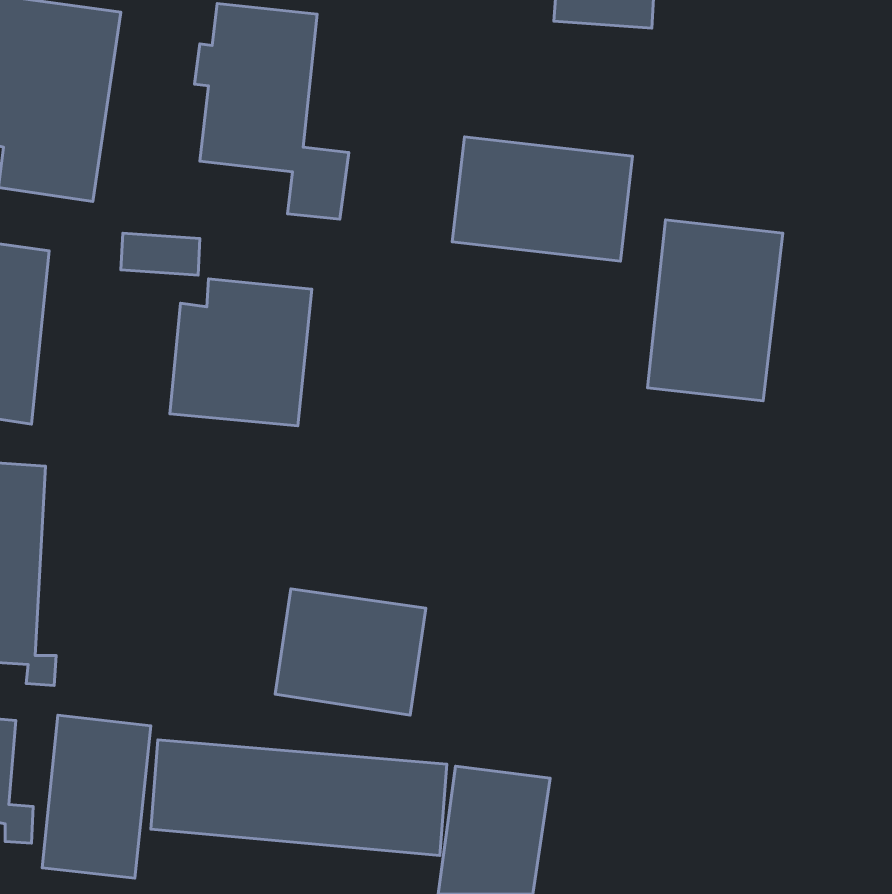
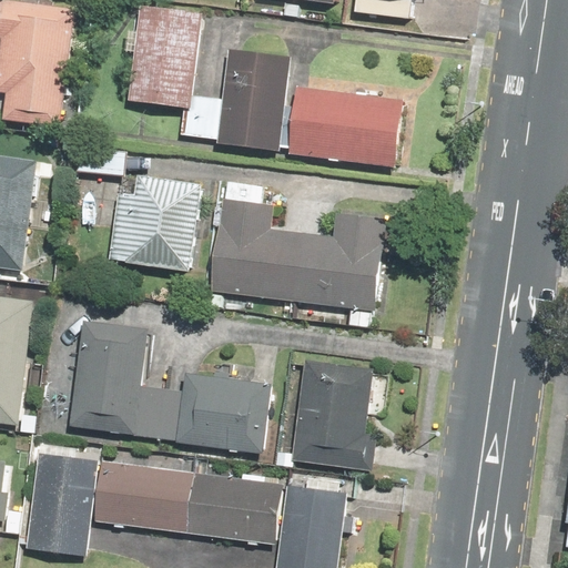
building: none -> [215,47,290,146]
building: [647,220,783,401] -> none
building: none -> [211,197,382,328]
building: none -> [69,316,176,438]
building: none -> [290,358,381,473]

